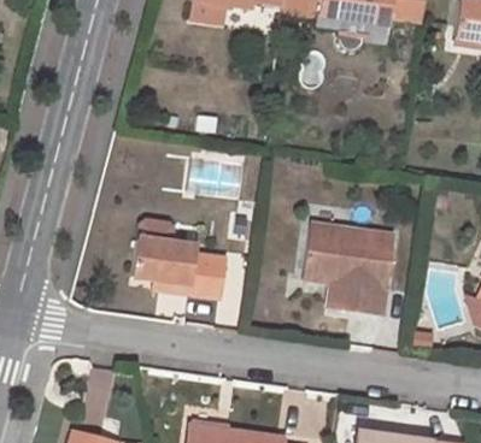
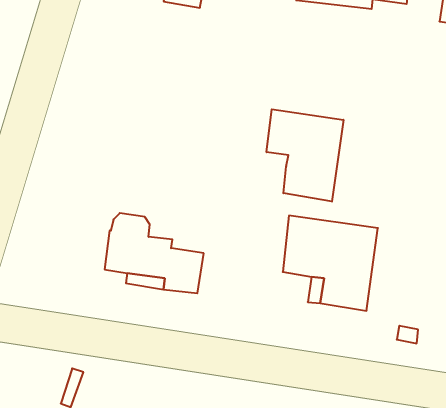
building: none -> [267,109,343,202]

